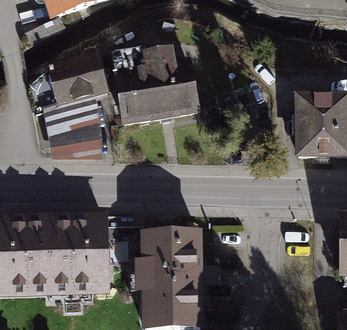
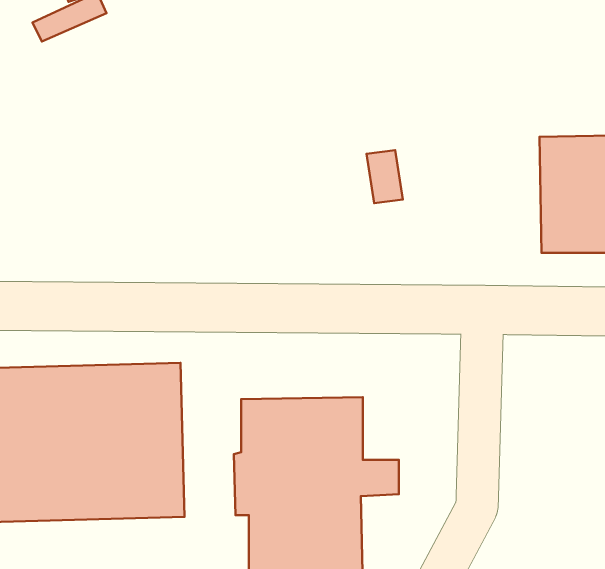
building: [111,44,200,124] -> none
building: [42,53,109,155] -> none

